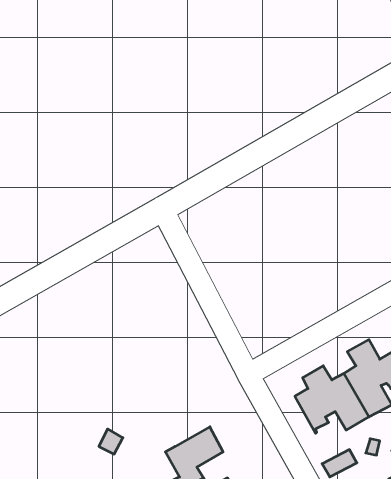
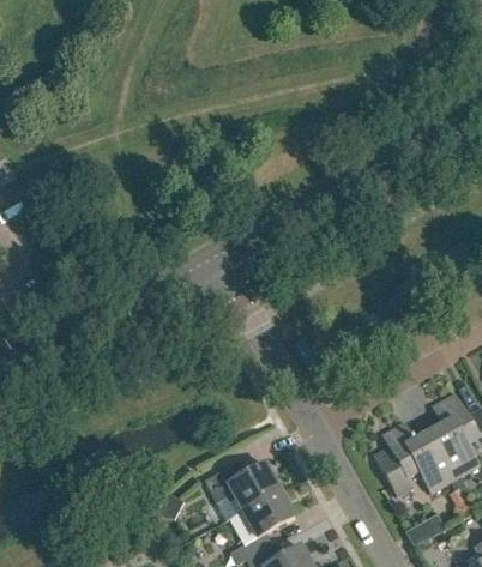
building: none -> [205,463,281,511]

